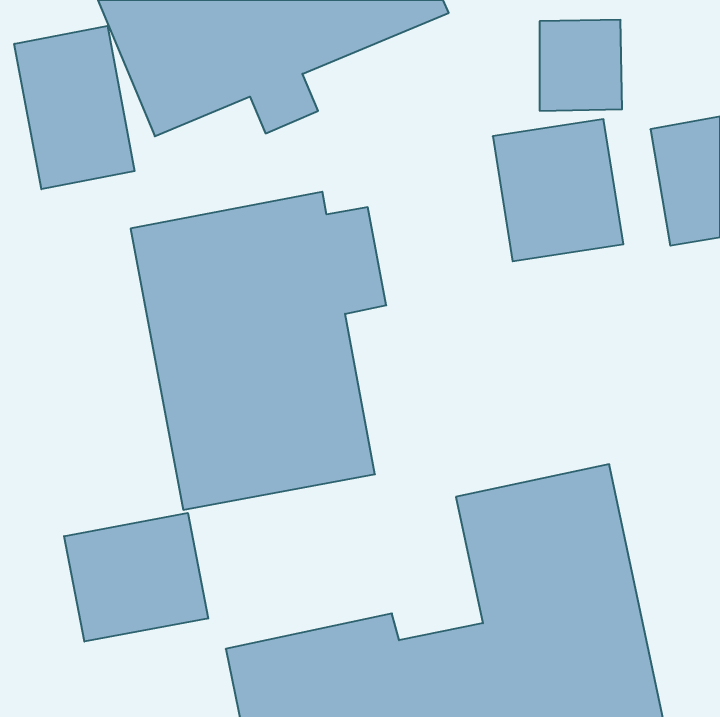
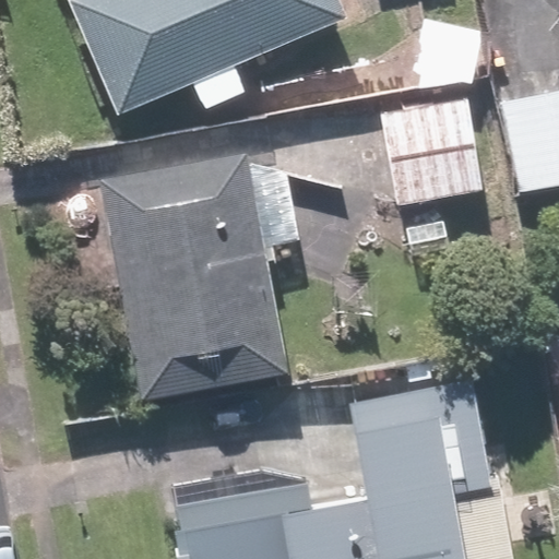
building: [14,26,135,189] -> none
building: [64,513,208,642] -> none

